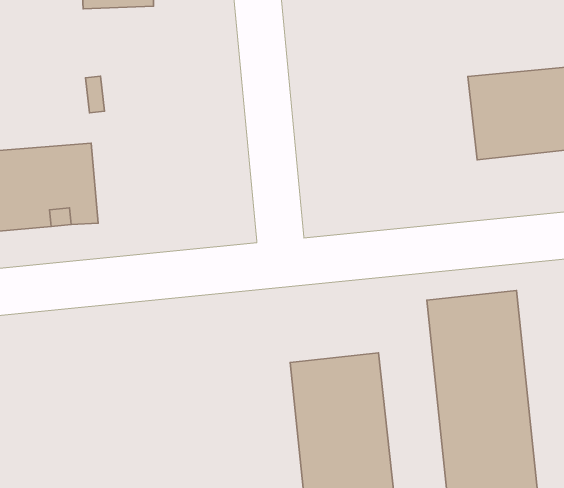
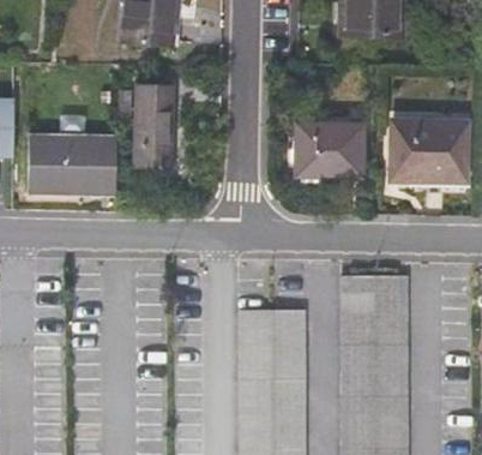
building: none -> [133,84,173,170]
building: none -> [295,124,362,176]

